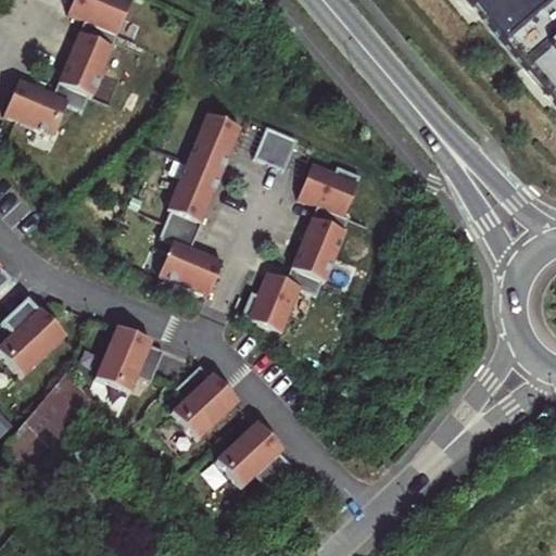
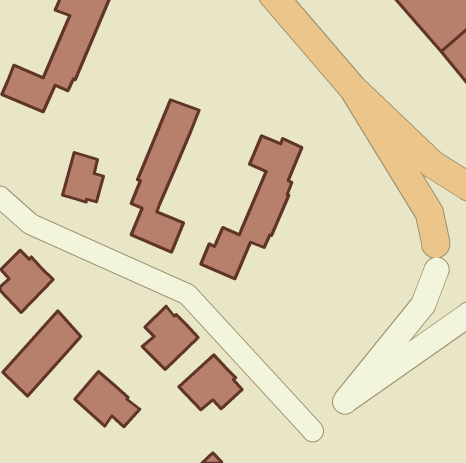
building: [255,125,298,166] -> none
building: none -> [63,153,103,202]
building: [94,324,164,390] -> none
building: none -> [75,372,140,427]

